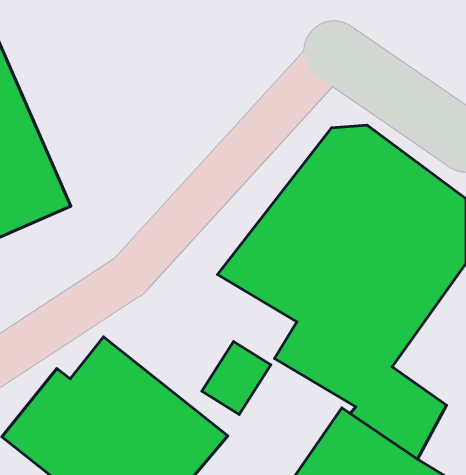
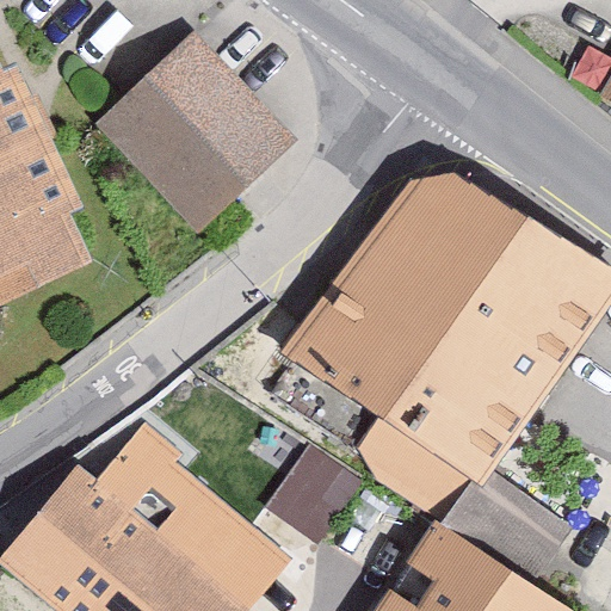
building: none -> [99,38,290,230]

